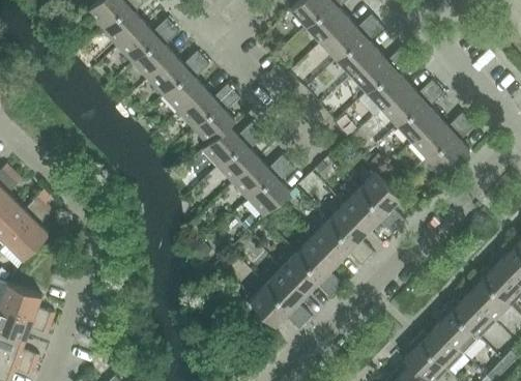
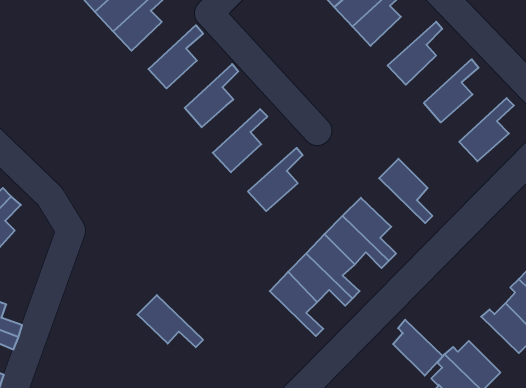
building: [351,48,407,92] -> none
building: [147,52,202,95] -> none
building: [381,81,437,124] -> none
building: [177,85,233,128] -> none
building: [411,114,467,157] -> none
building: [201,123,257,167] -> none
building: [232,155,288,200] -> none
building: [343,188,398,234] -> none
building: [249,285,305,329] -> [137,295,203,347]
building: [435,306,477,354] -> [393,320,443,376]

